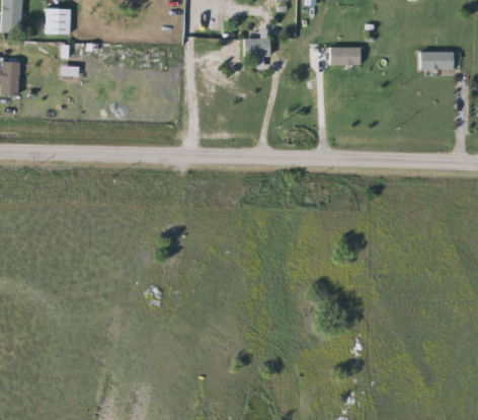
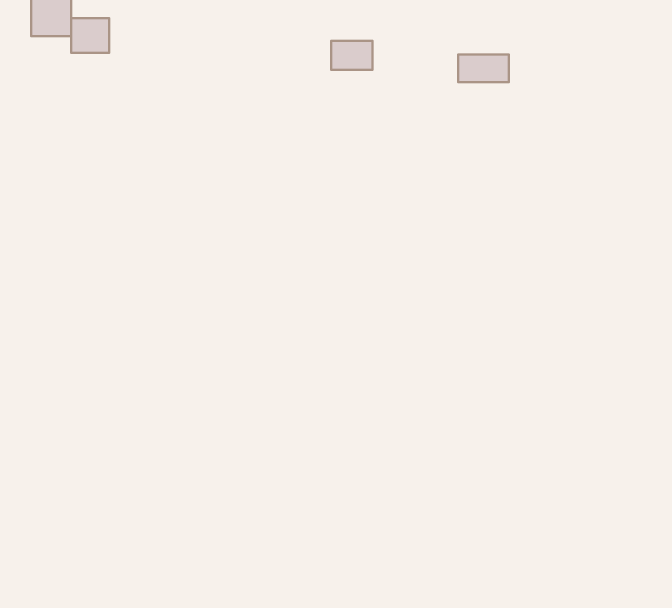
building: none -> [71,18,109,53]
building: [418,51,453,69] -> none

